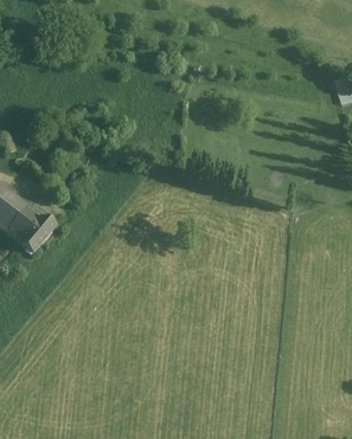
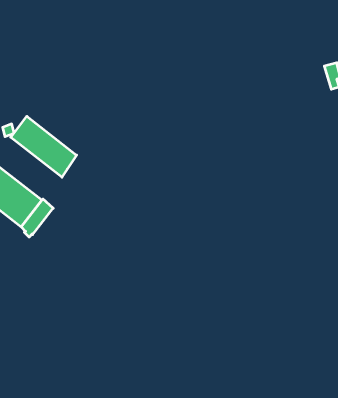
building: none -> [11,116,77,177]

